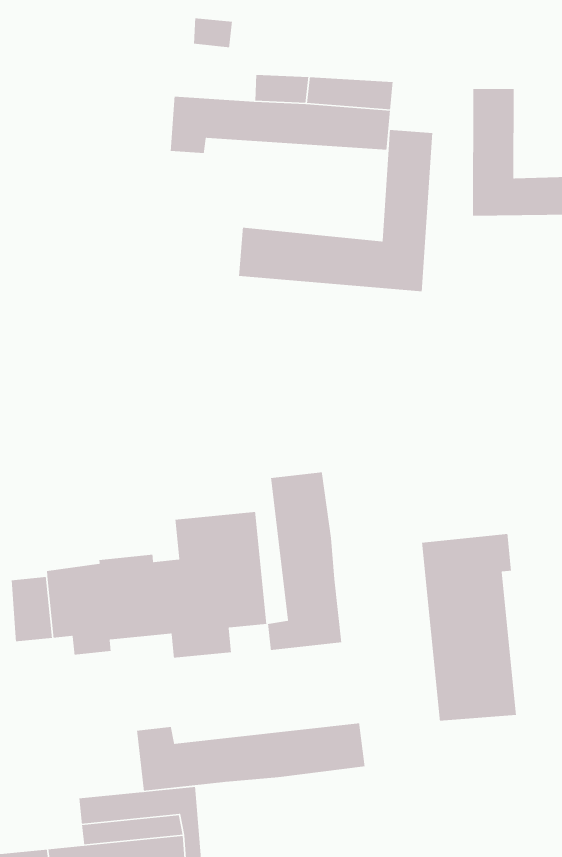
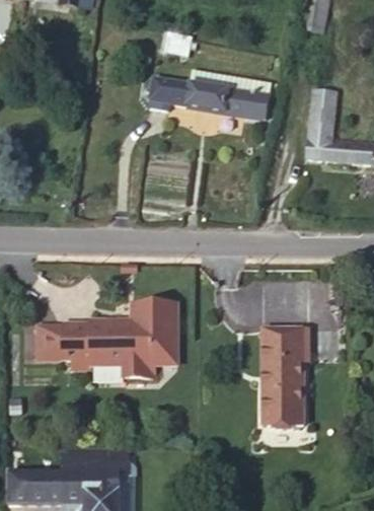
building: [238,129,433,292] -> none
building: [267,471,342,651] -> none
building: [136,723,366,791] -> none

